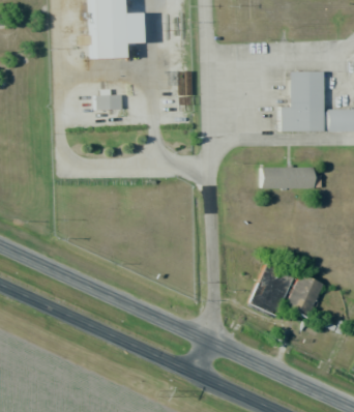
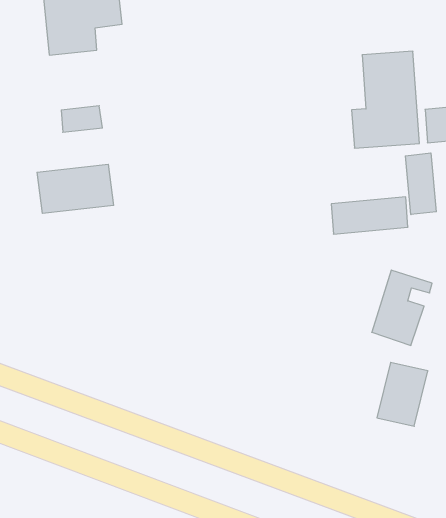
building: none -> [37,164,114,213]
building: none -> [405,153,436,215]
building: [248,266,290,316] -> [372,270,432,345]

